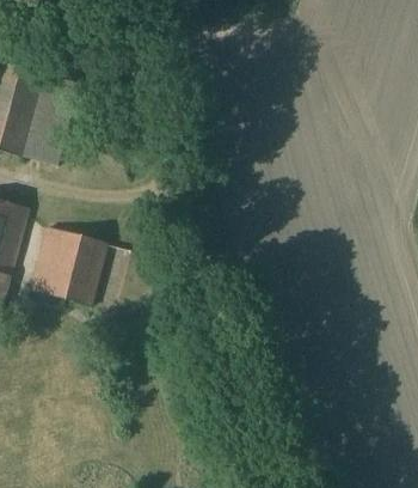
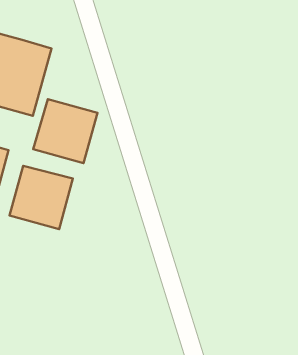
building: none -> [33,99,97,163]

